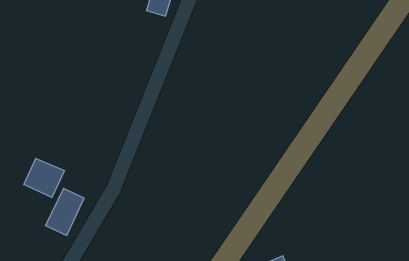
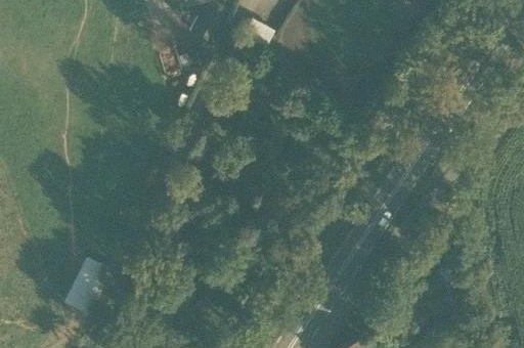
building: [24,158,64,198] -> none

